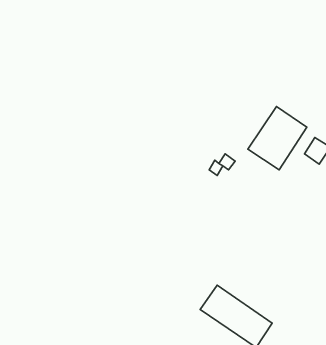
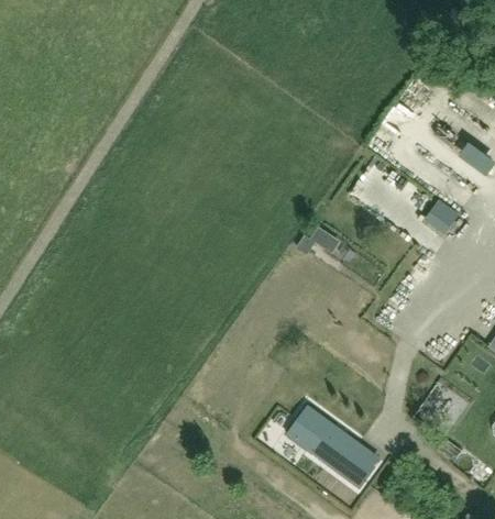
building: [248,106,307,170] -> none

